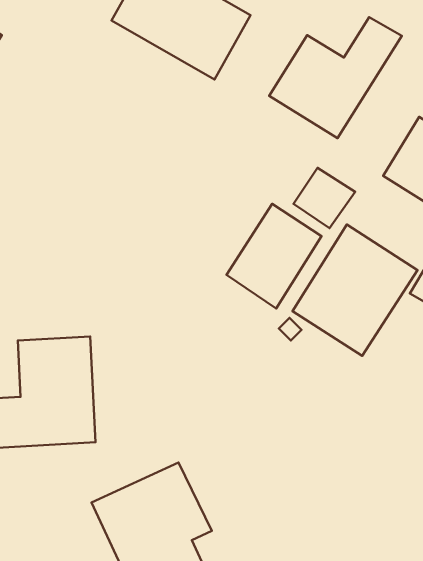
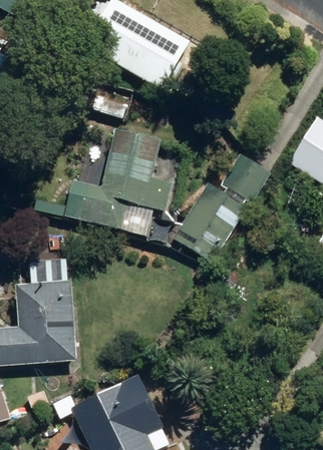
building: [269,17,402,138] -> none
building: none -> [66,130,173,234]
building: [293,224,417,356] -> none

